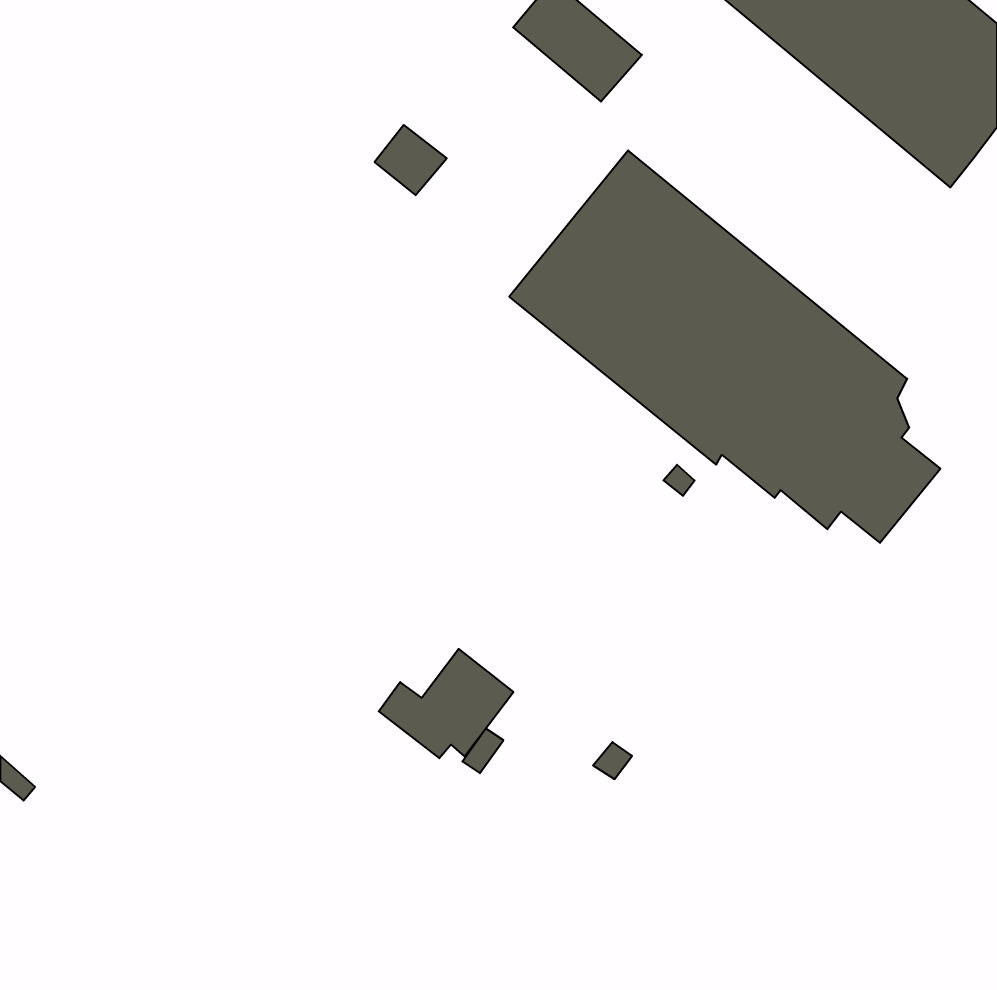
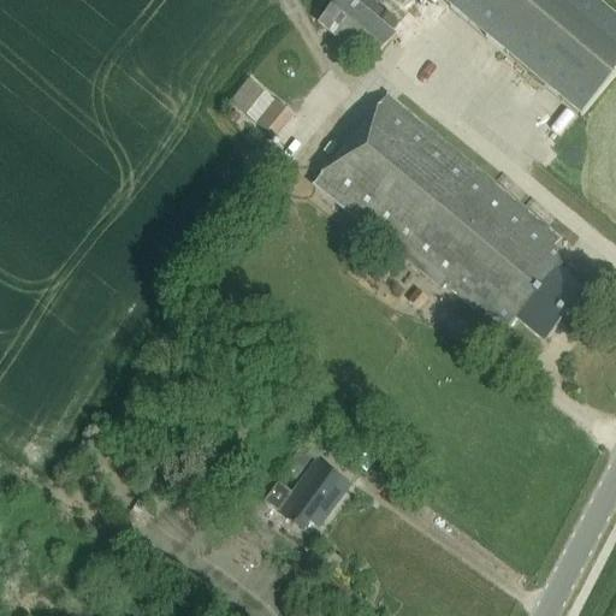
building: none -> [256,97,294,136]
building: [379,649,513,758] -> [266,460,349,527]

